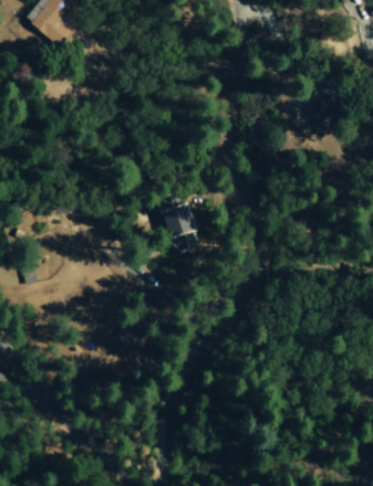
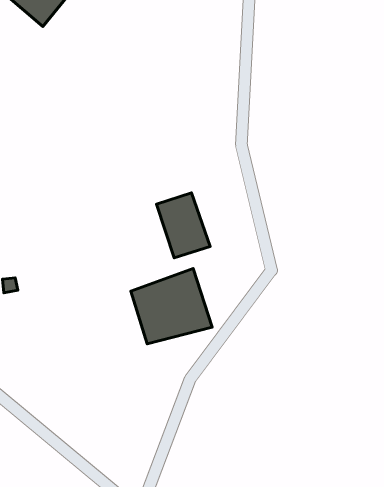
building: none -> [131,269,212,344]

